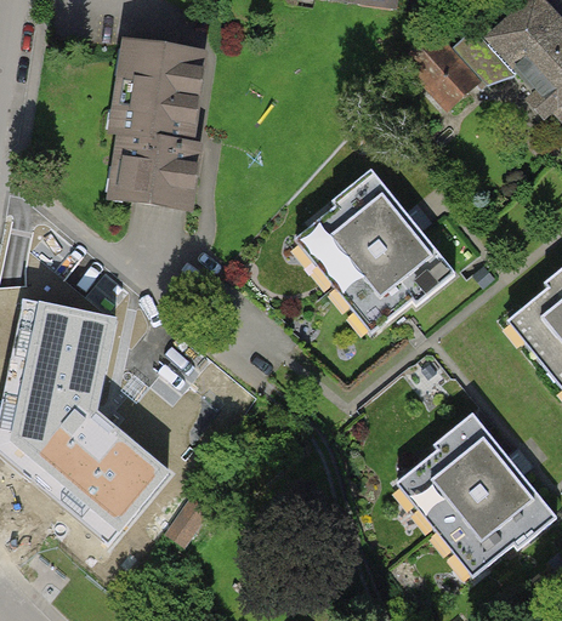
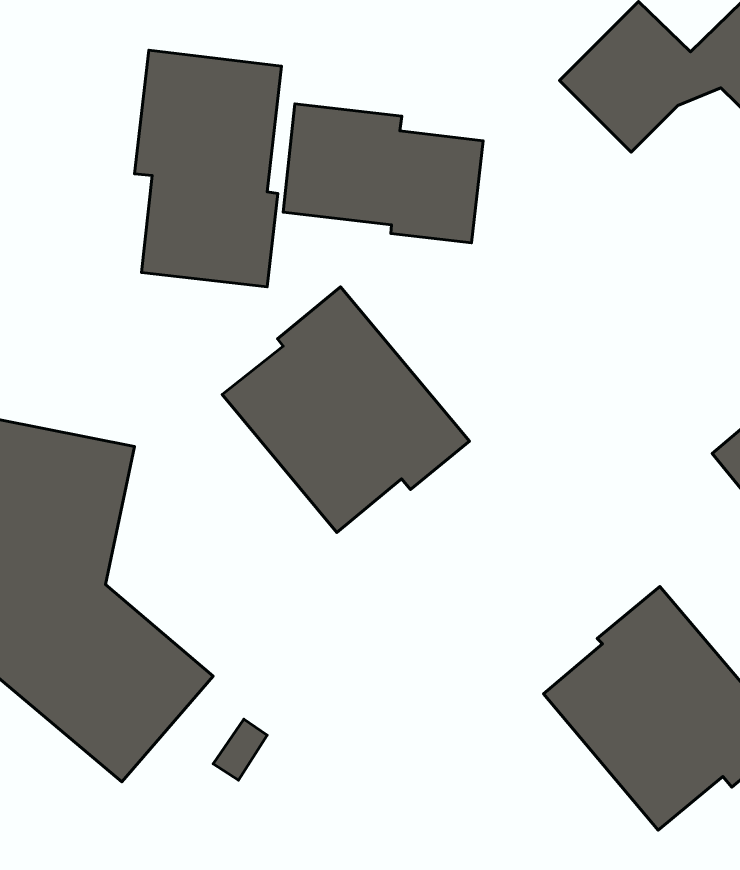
building: none -> [283,104,483,243]
building: [295,169,462,335] -> [222,287,470,533]

